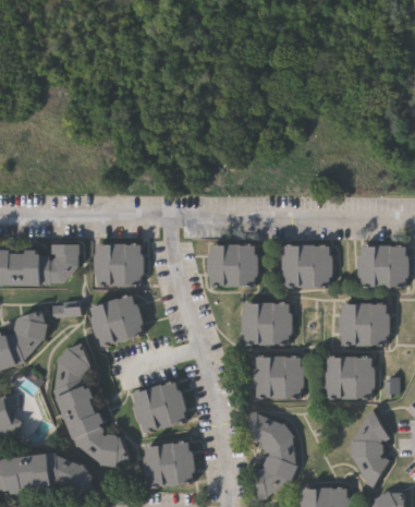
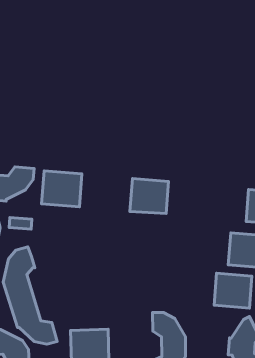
building: [284,245,331,287] -> none
building: [89,294,147,347] -> none
building: [243,303,291,345] -> none
building: [255,357,302,399] -> none
building: [134,381,190,432] -> none

